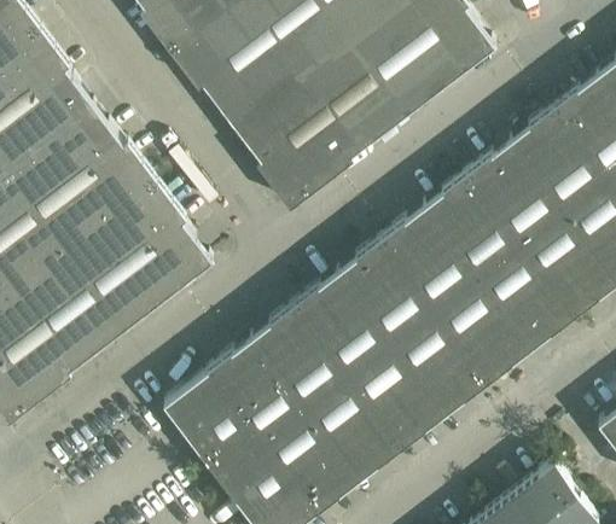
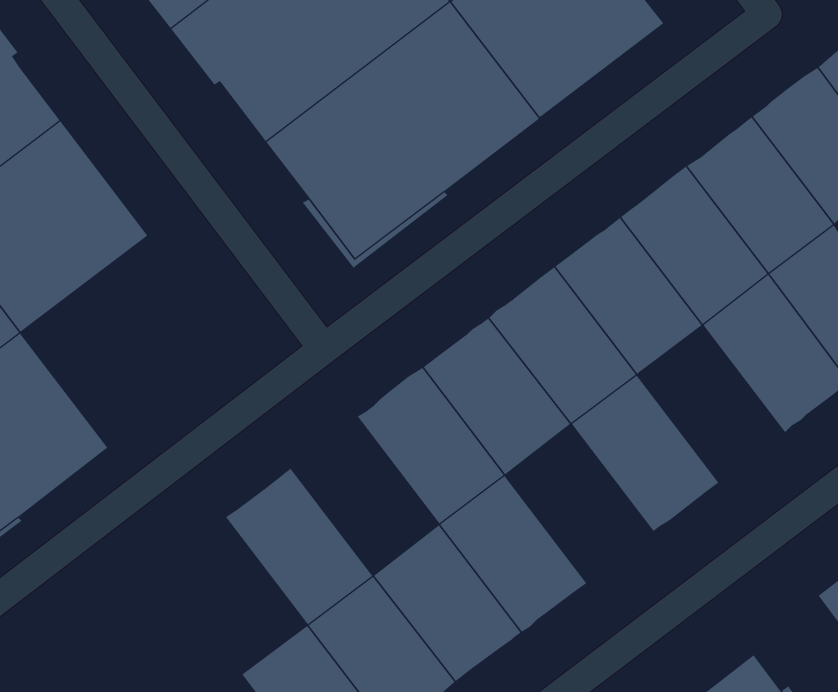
building: [71,186,214,326] -> none
building: [478,245,576,349] -> none
building: [250,305,348,411] -> none
building: [391,310,489,415] -> none
building: [163,372,261,476] -> none

